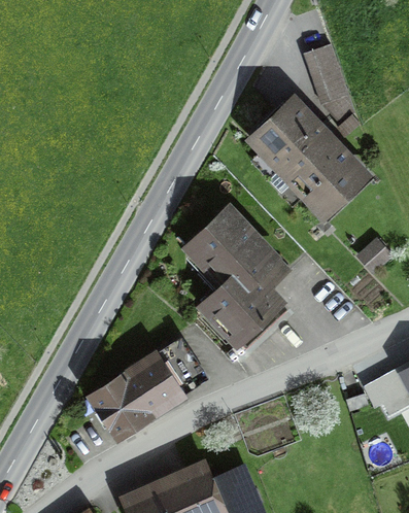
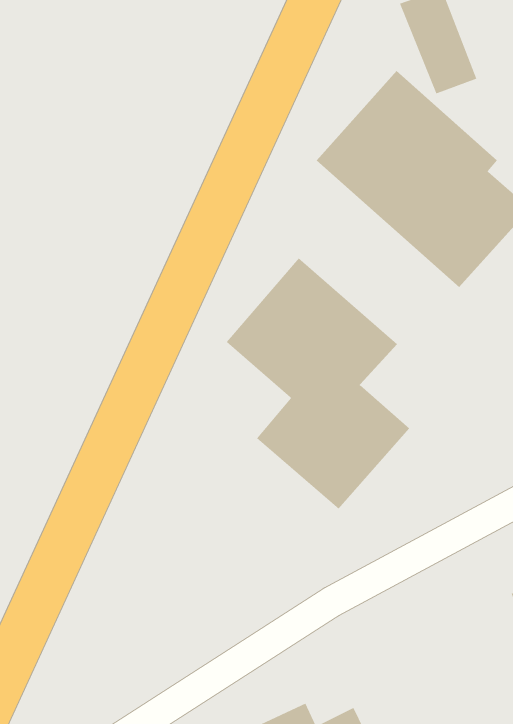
building: [89,348,193,441] -> none

